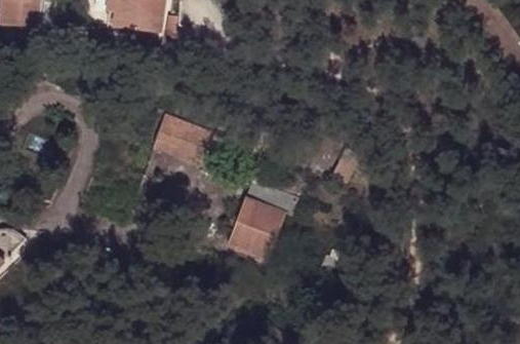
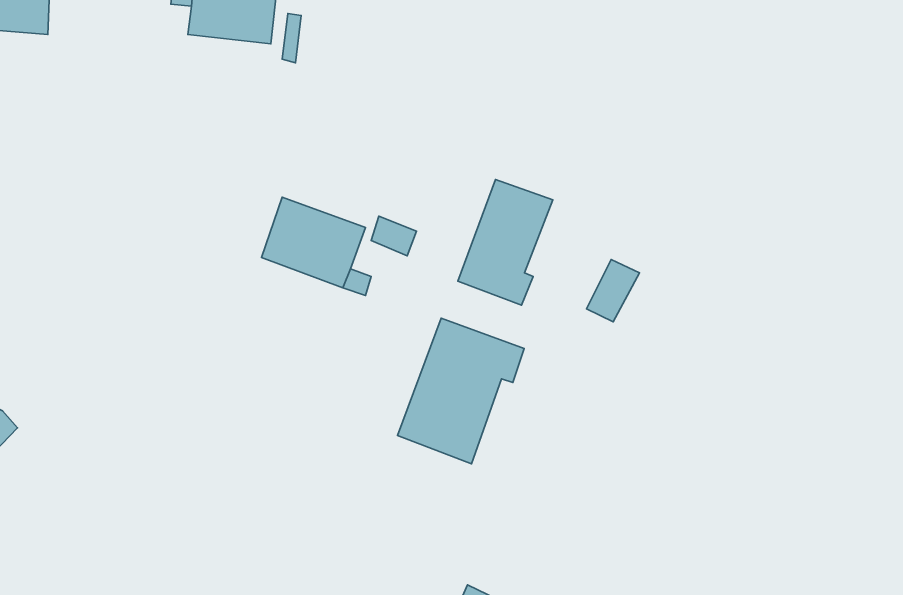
building: none -> [458,179,553,305]

